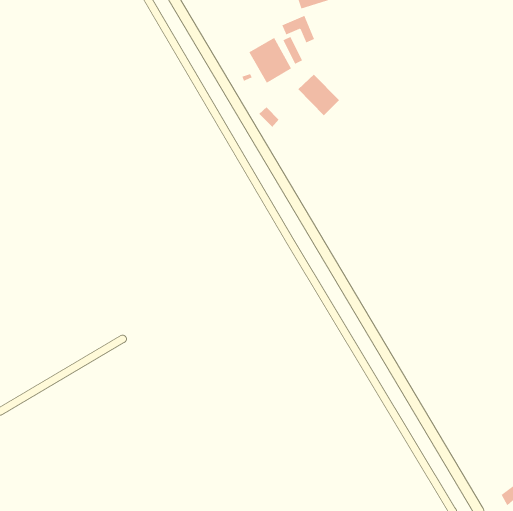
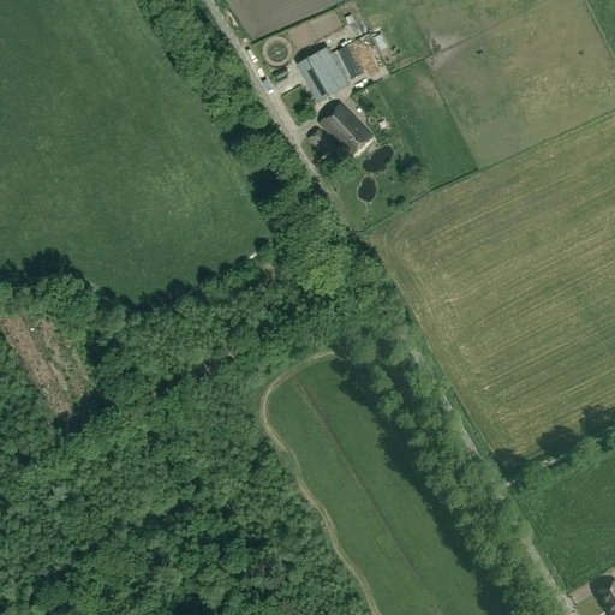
building: [298,74,340,116] -> [322,102,372,153]

